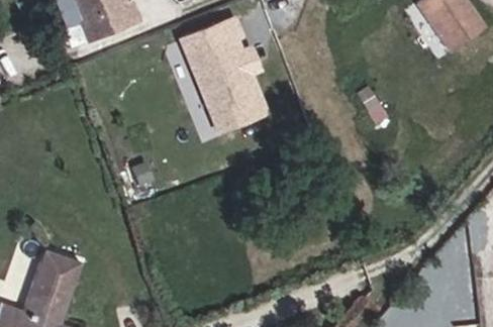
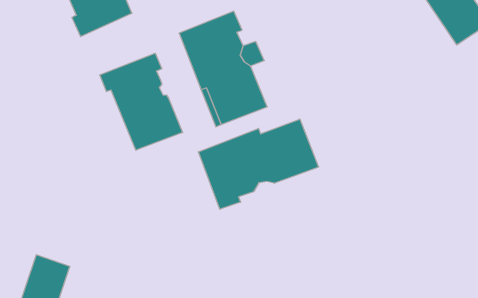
building: none -> [100,53,183,150]
building: none -> [198,119,318,209]

